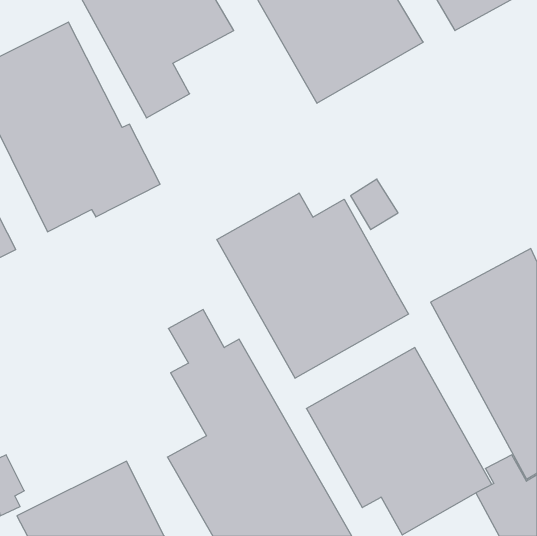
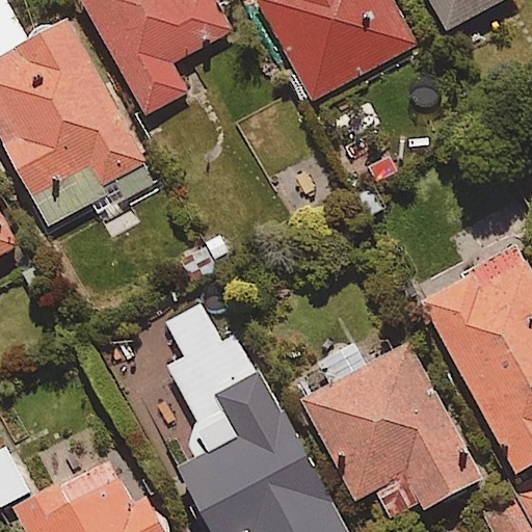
building: [217,193,409,378] -> none

